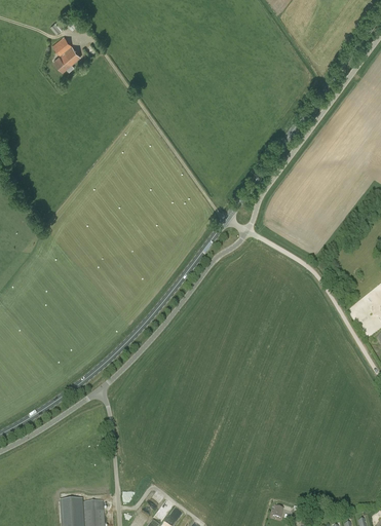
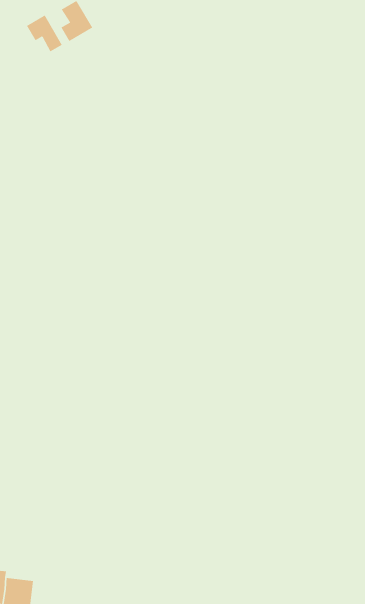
building: none -> [26,15,62,52]

